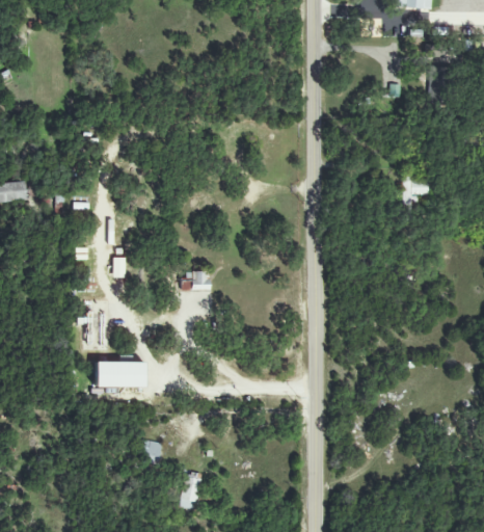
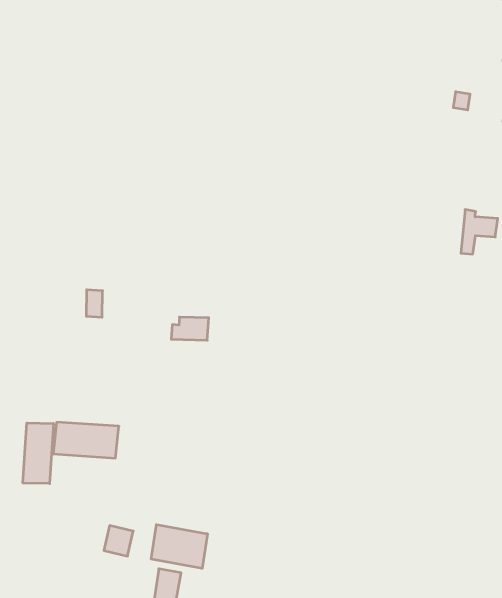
building: none -> [23,423,53,484]
building: none -> [151,525,207,568]

